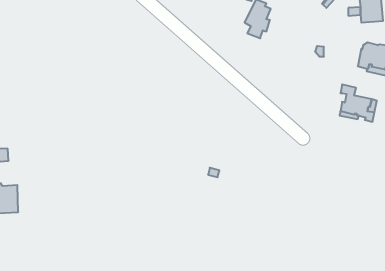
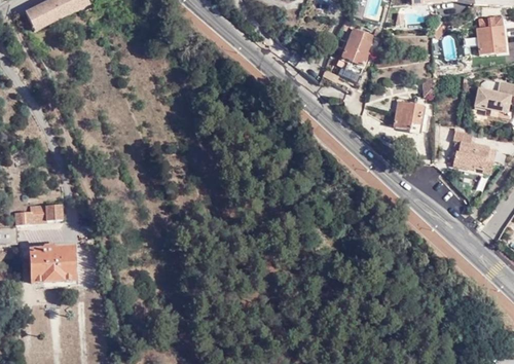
building: none -> [395,100,431,131]

